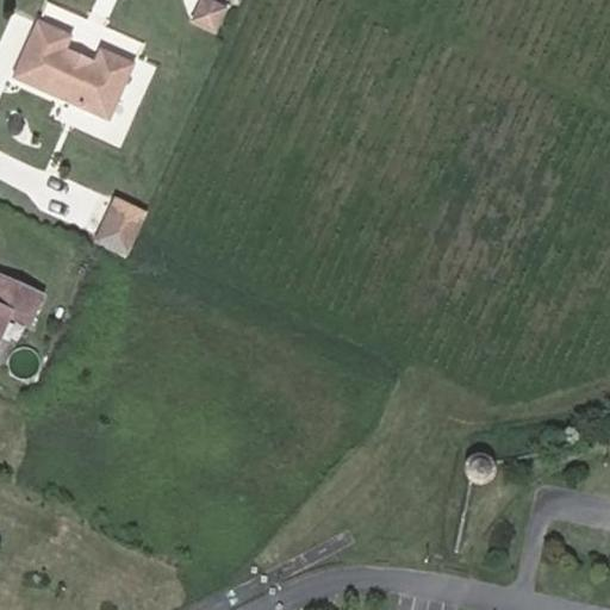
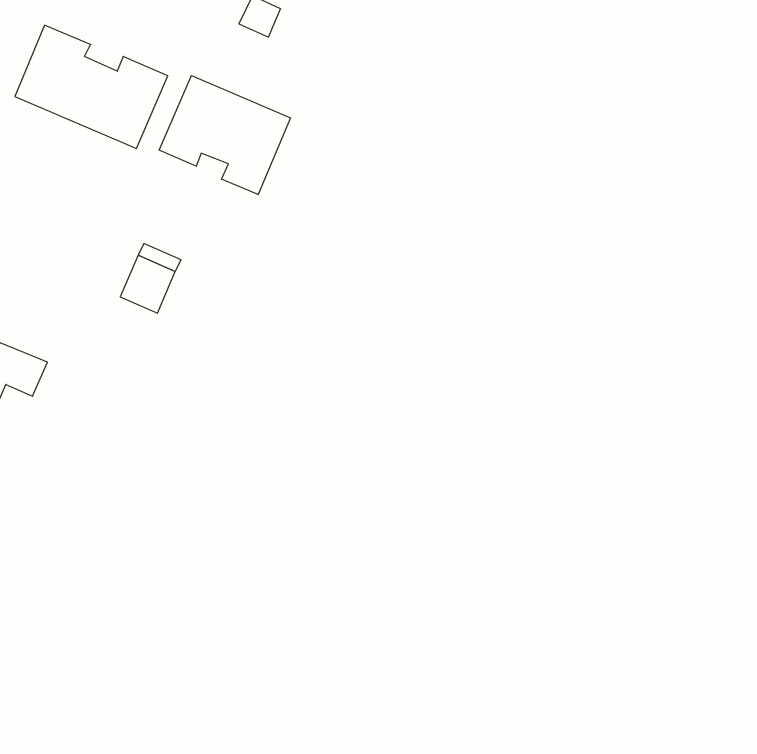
building: none -> [159,76,291,195]

